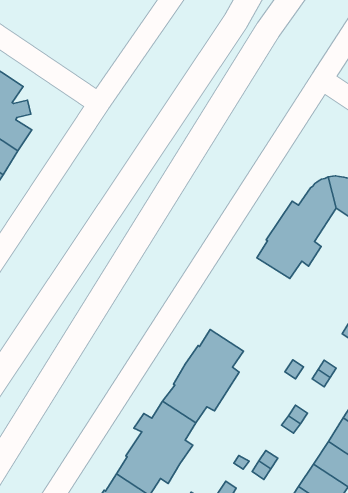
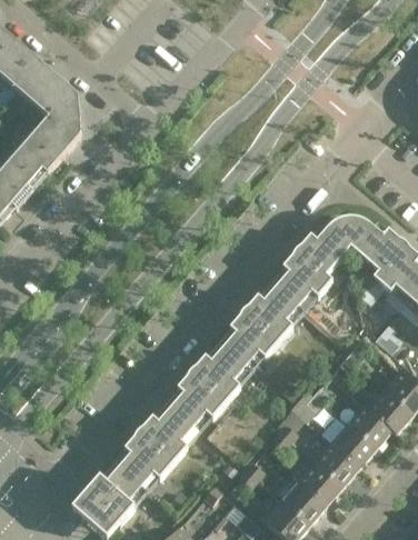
building: none -> [219,281,299,366]

